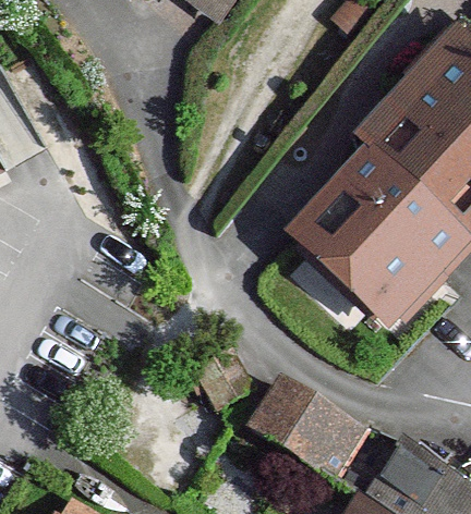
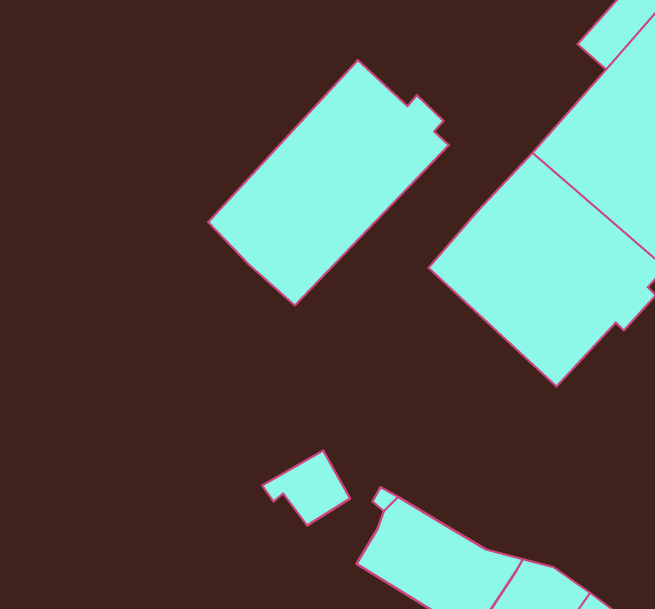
building: none -> [208,60,449,305]

